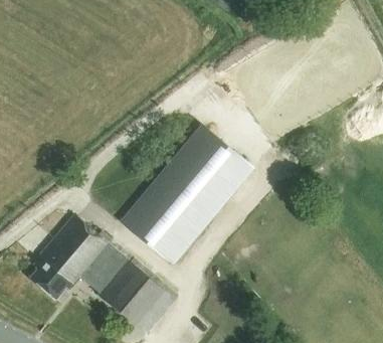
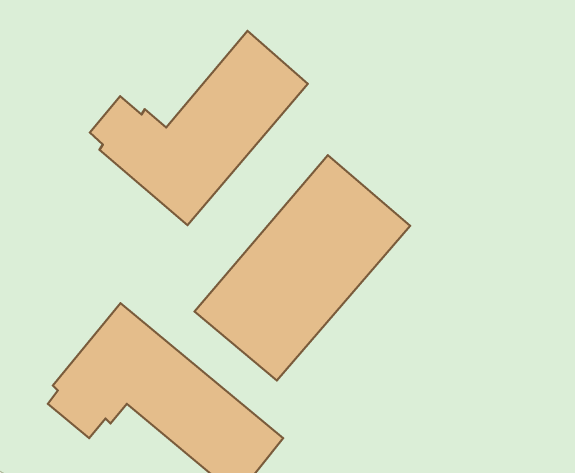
building: none -> [90,31,308,225]

